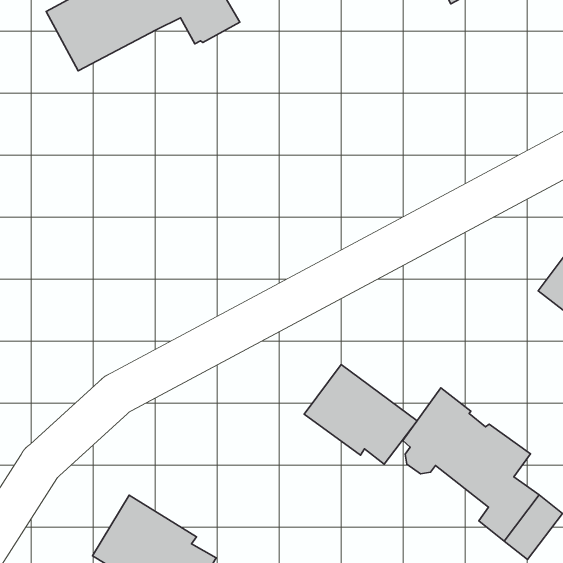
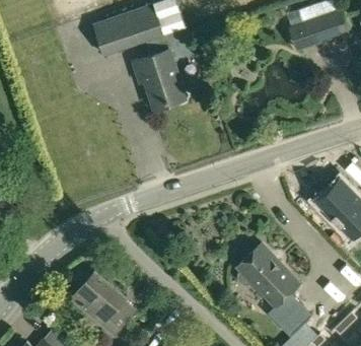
building: none -> [134,50,185,110]
building: [304,364,417,464] -> none

